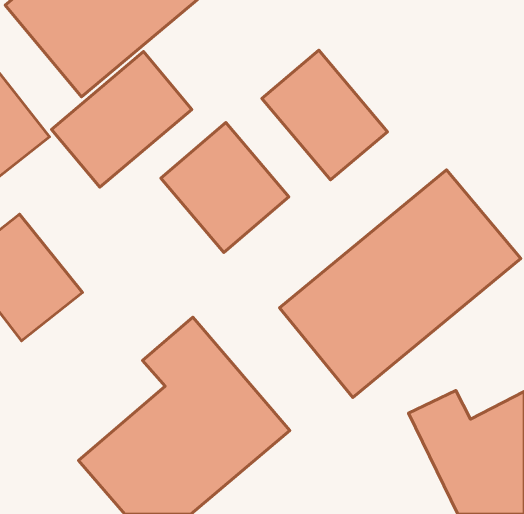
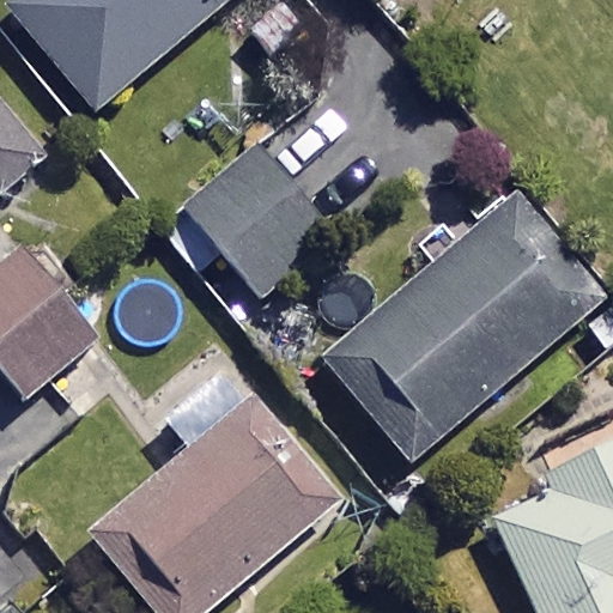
building: [262,50,388,180] -> none
building: [52,52,192,187] -> none

